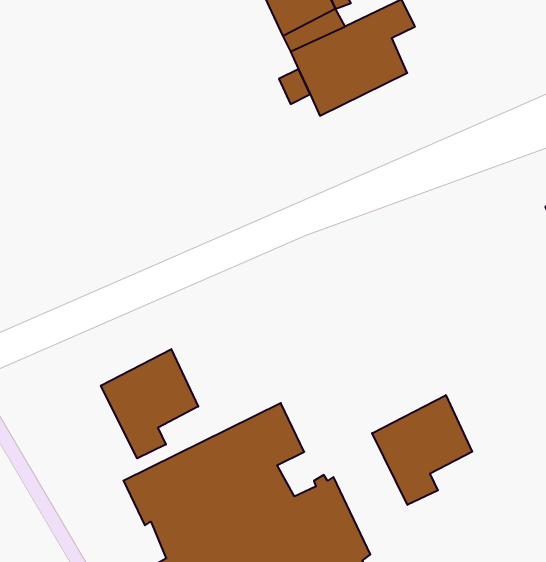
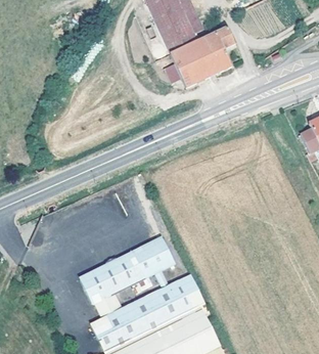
building: [101,349,198,458] -> none
building: [372,395,472,505] -> none

